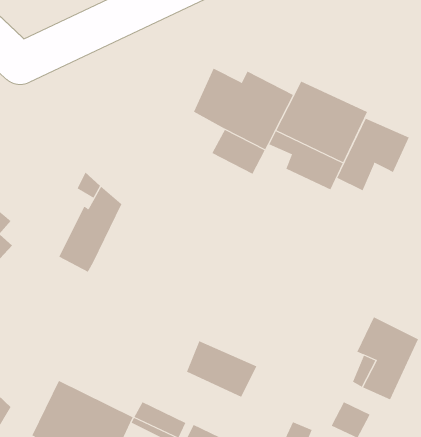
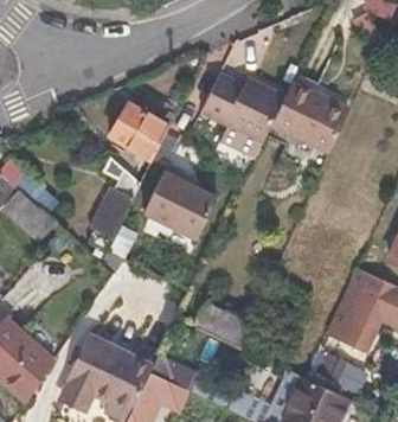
building: none -> [115,104,178,167]
building: [336,118,410,191] -> none
building: none -> [147,171,219,241]

